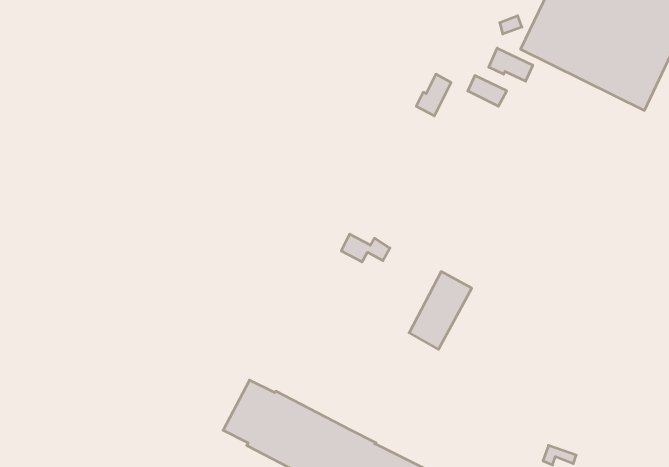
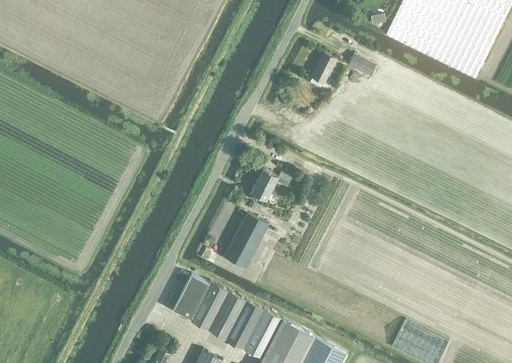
building: [489,48,533,81] -> none
building: none -> [248,181,284,202]
building: [409,272,472,349] -> [224,213,269,269]

